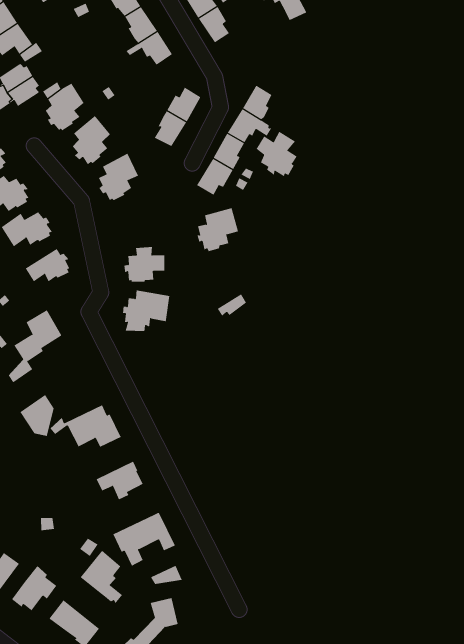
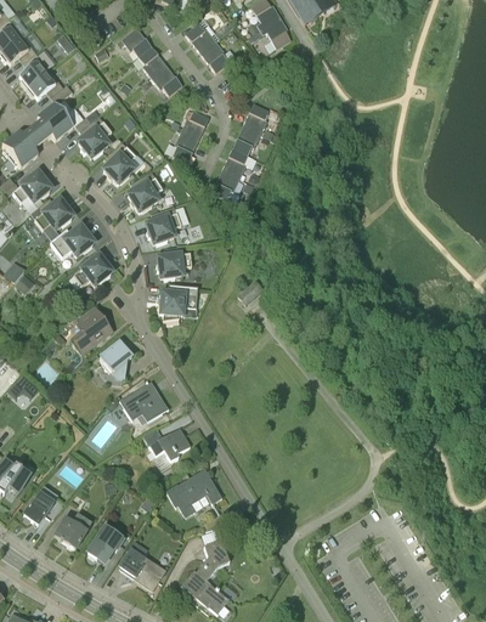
building: [256,131,297,177] -> none
building: [197,208,239,252] -> [146,205,181,244]
building: [19,394,55,436] -> [98,340,128,375]
building: [80,550,123,604] -> none

